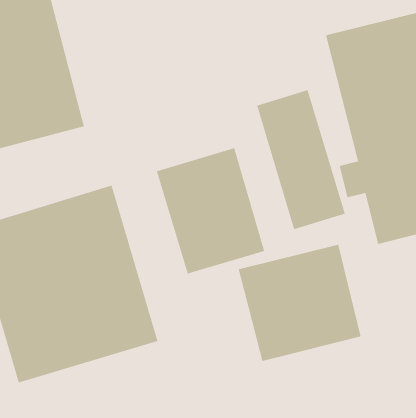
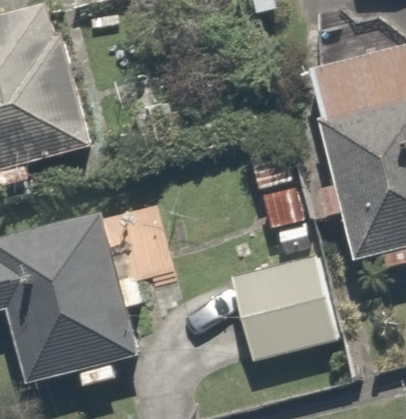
building: [156,147,265,274] -> none

